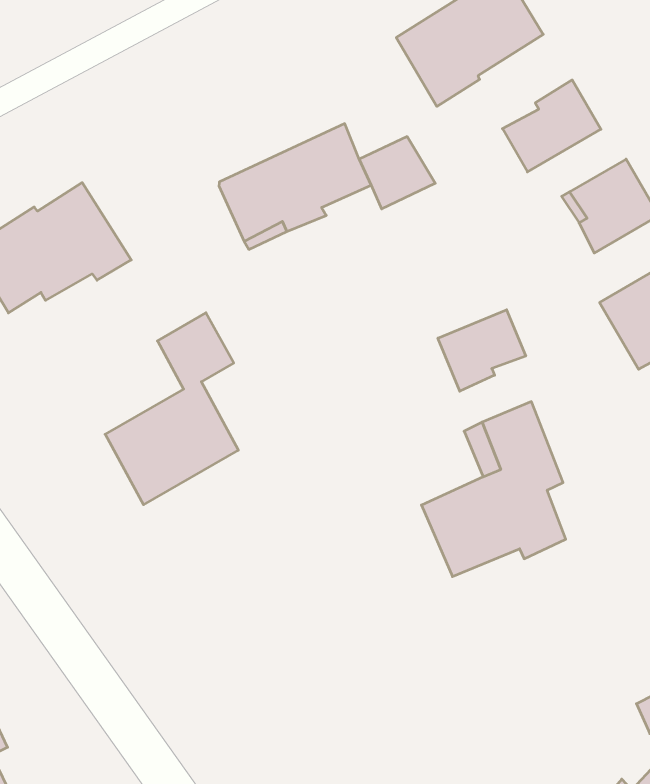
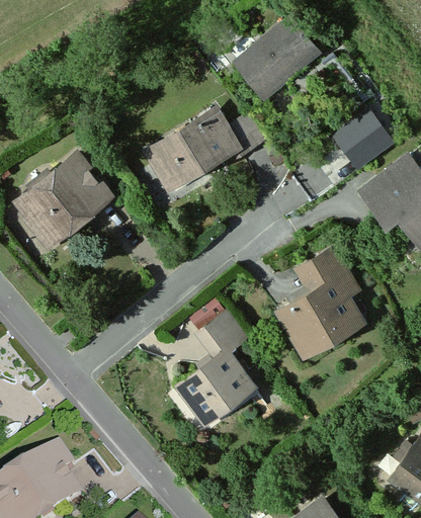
building: [502,80,601,172] -> none
building: [438,310,526,391] -> none
building: [105,313,238,505] -> [179,313,252,420]

